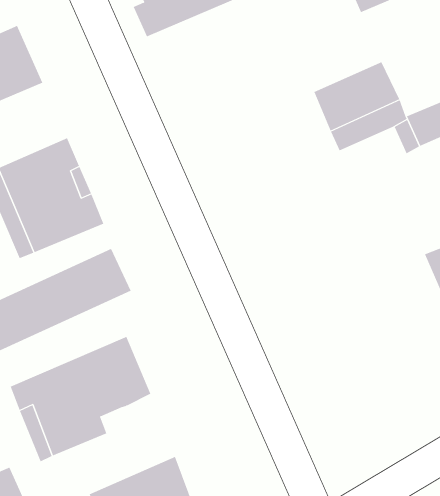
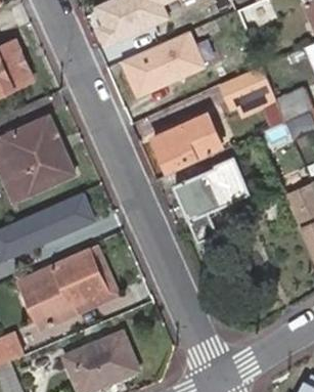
building: none -> [118,31,203,98]
building: none -> [155,118,218,167]
building: none -> [176,156,251,241]
building: none -> [71,246,120,316]

